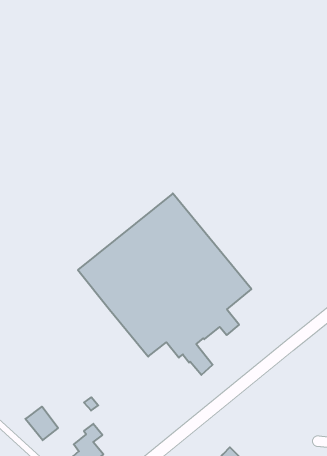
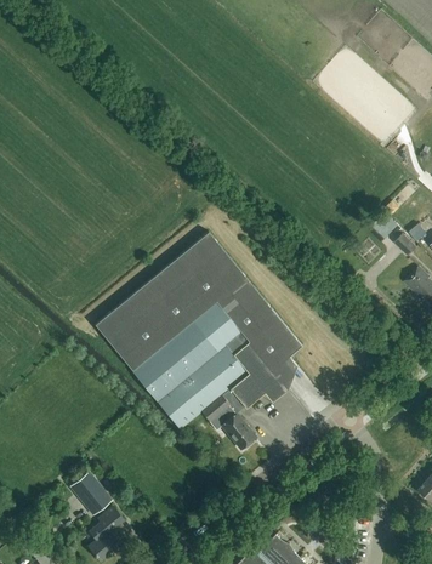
building: [25,407,58,440] -> [72,473,110,513]

